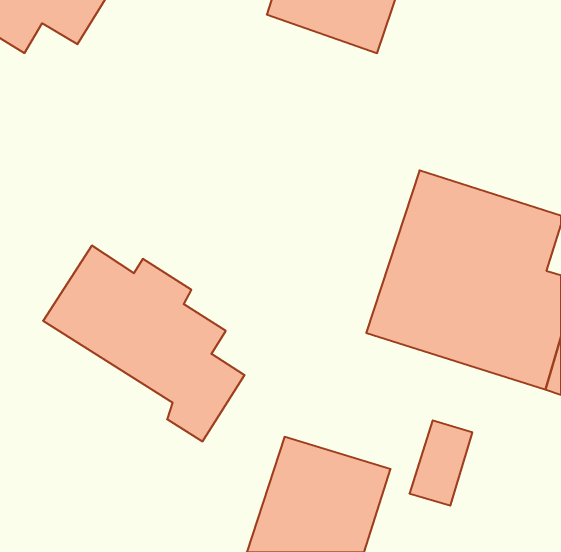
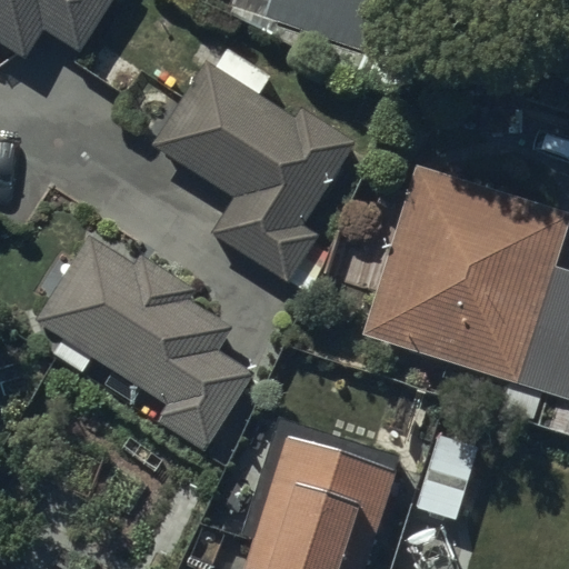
building: none -> [161,74,351,276]

